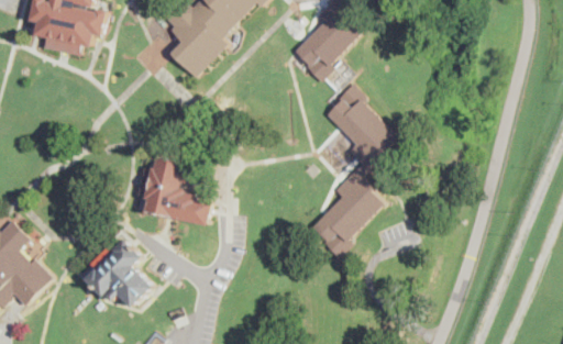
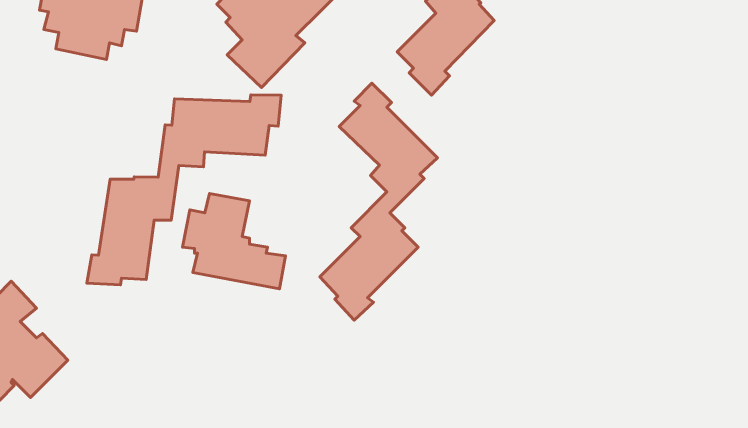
building: none -> [87,95,281,285]
building: [310,84,397,258] -> [320,83,438,320]
building: [84,240,152,308] -> none

